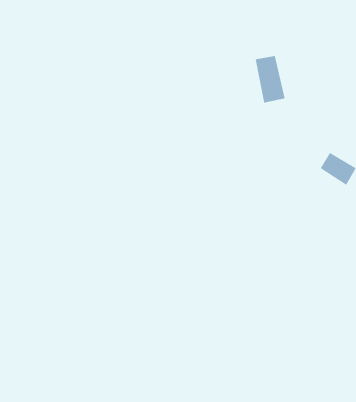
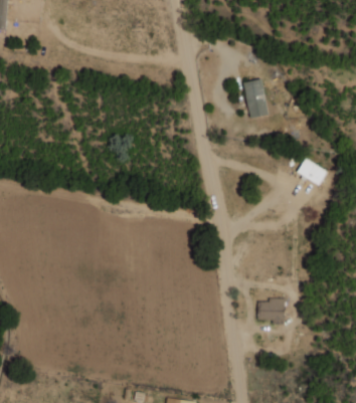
building: none -> [258,297,286,325]

